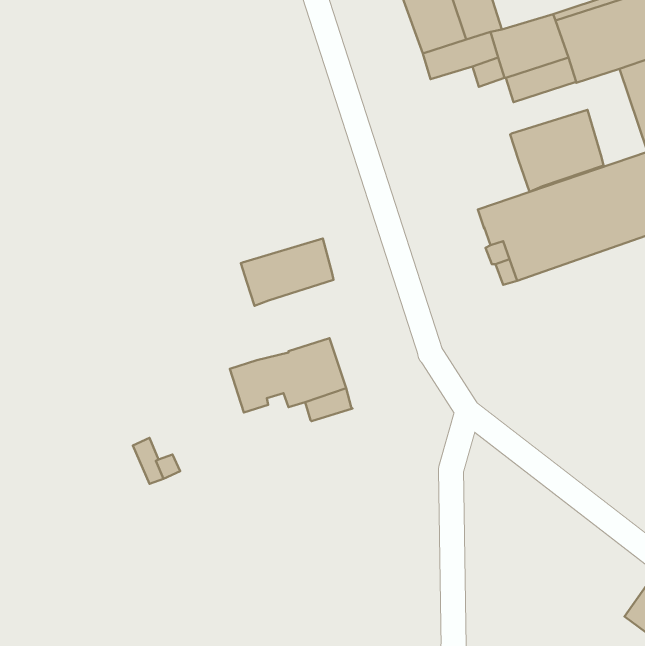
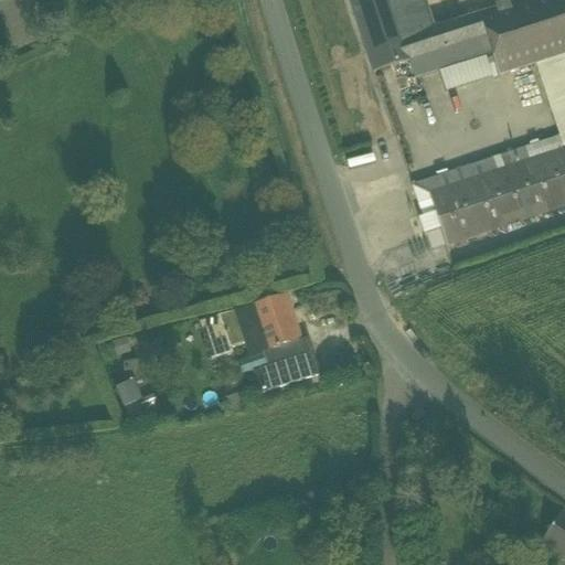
building: [510,110,604,192] -> none
building: [241,238,333,306] -> none
building: none -> [260,349,326,388]

